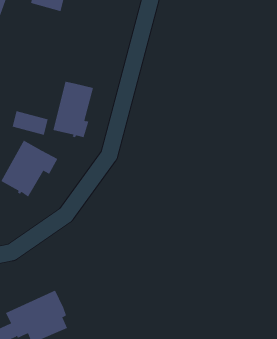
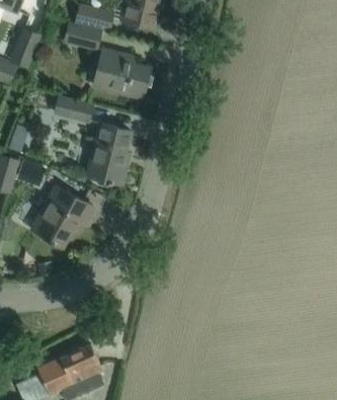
building: none -> [94,50,151,97]
building: [12,110,48,135] -> [55,96,93,123]

